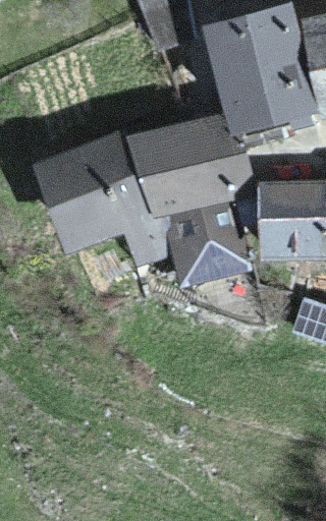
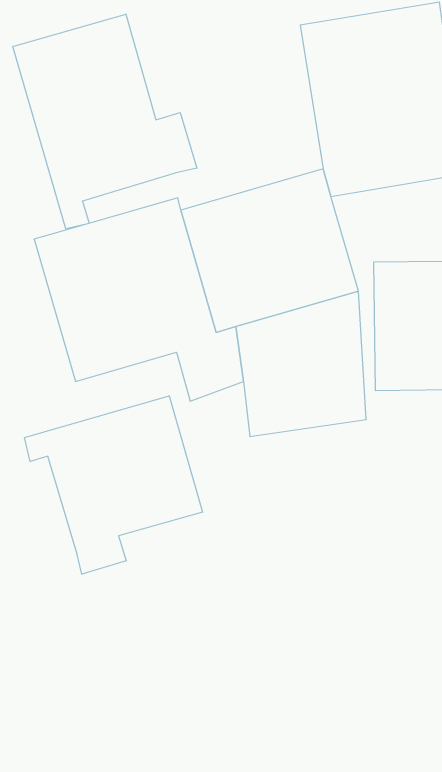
building: none -> [13,14,197,229]
building: none -> [24,396,203,574]

